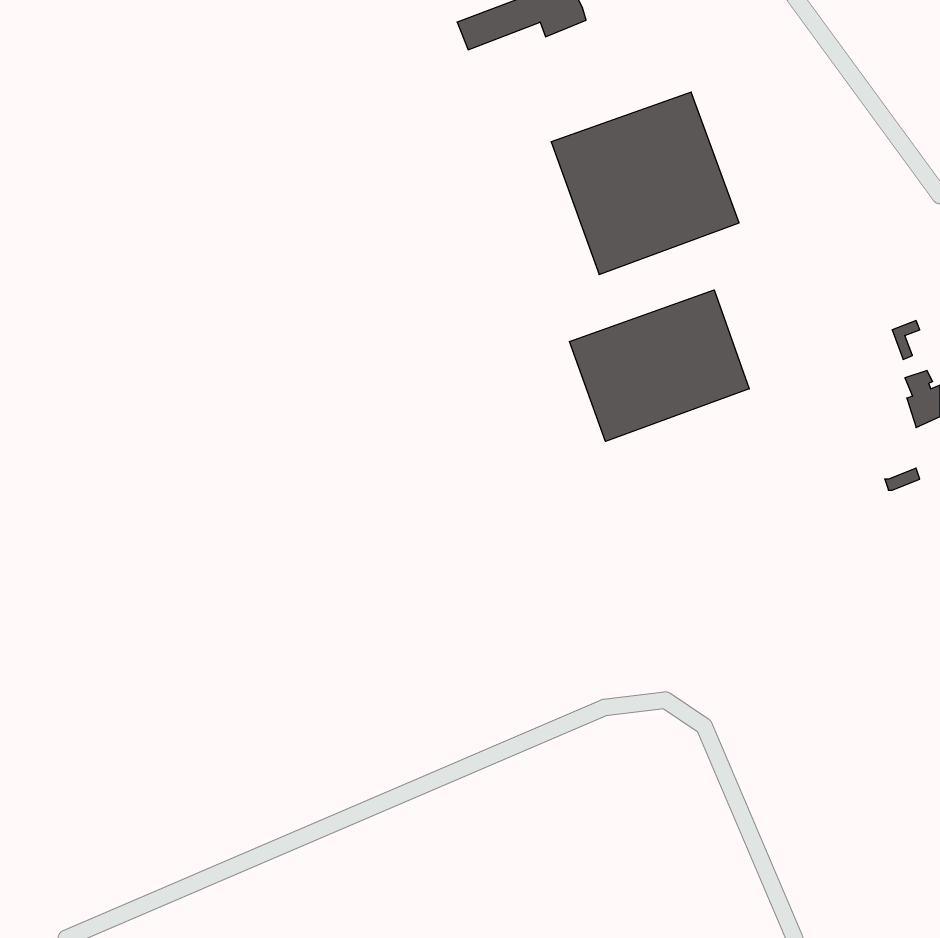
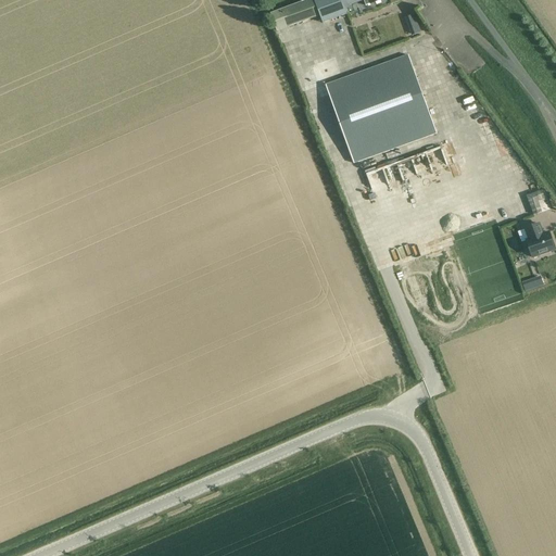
building: [569,290,749,441] -> none

